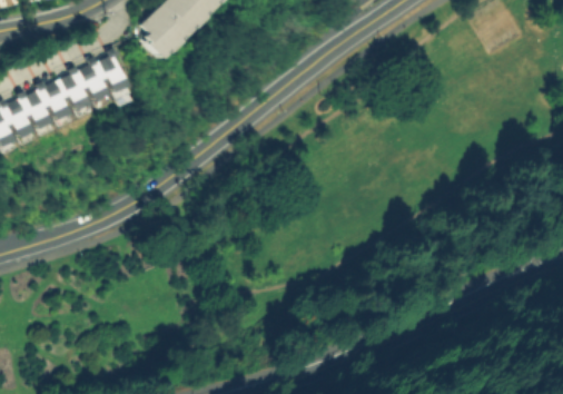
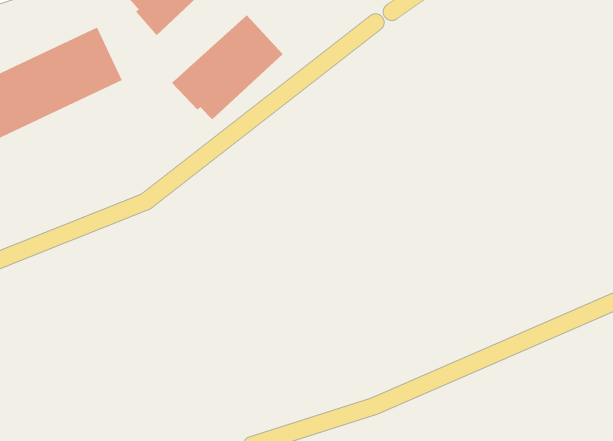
building: none -> [171,15,284,120]

